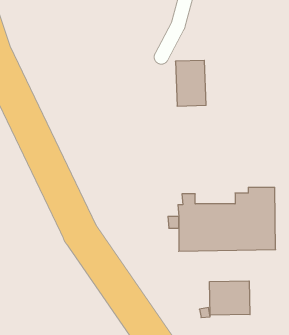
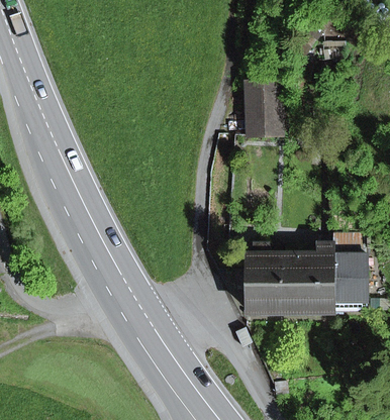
building: [210,281,250,315] -> none

